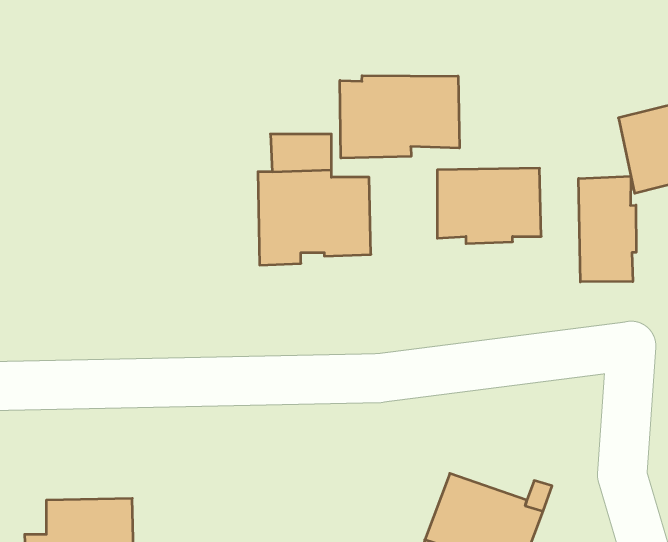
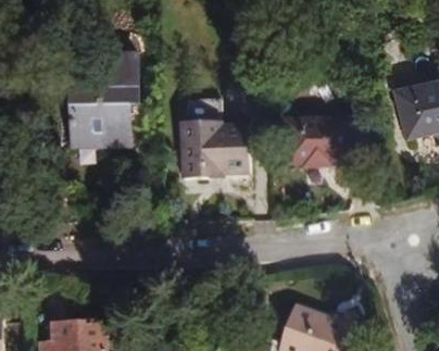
building: none -> [61,52,137,148]
building: [340,76,459,158] -> none
building: [579,176,636,282] -> none

